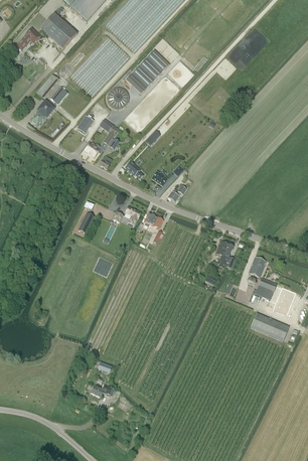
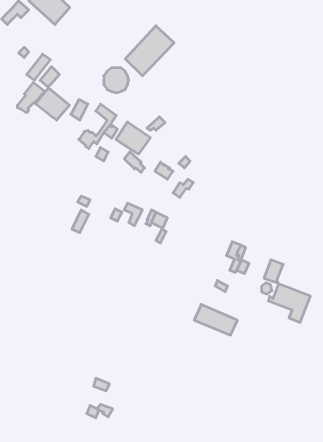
building: none -> [36,88,69,120]
building: none -> [116,122,150,154]
building: [251,313,289,340] -> [194,304,237,335]

